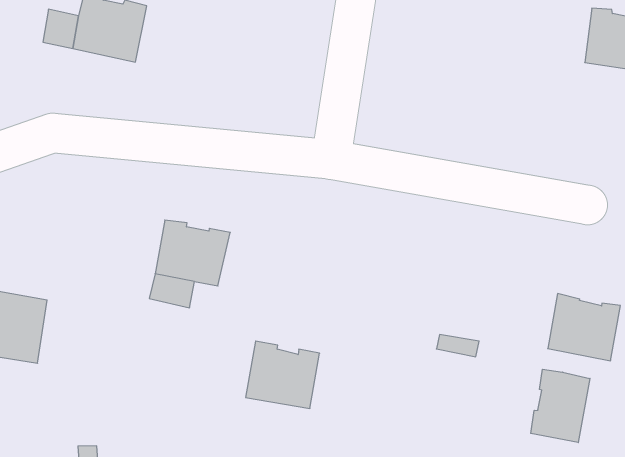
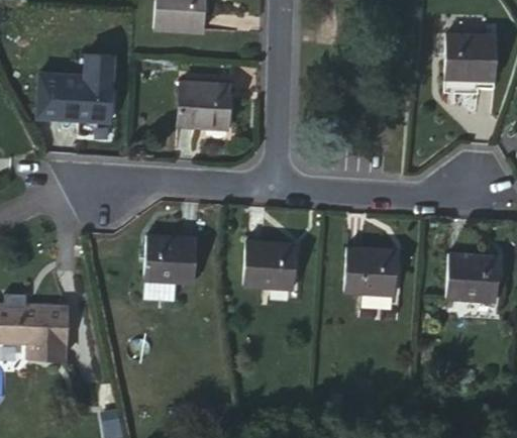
building: none -> [177,82,232,129]
building: none -> [344,249,395,294]
building: [246,341,320,408] -> [244,242,296,288]
building: [531,369,590,443] -> none

